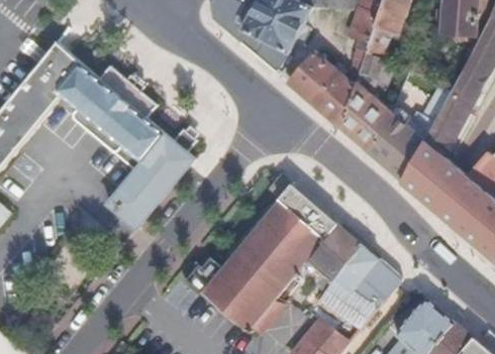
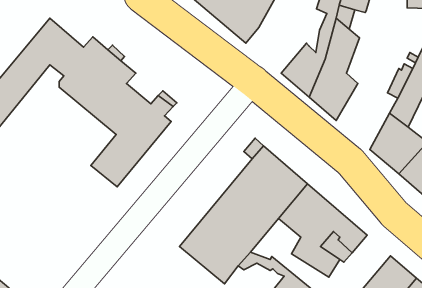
building: [286,52,343,104] -> none
building: [370,115,431,187] -> none

